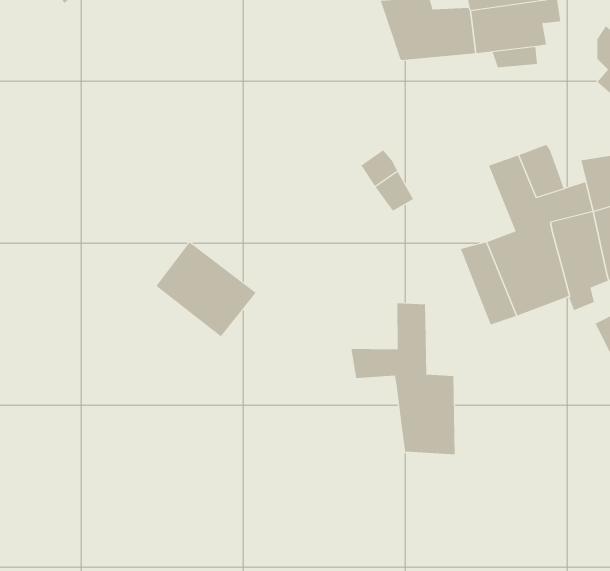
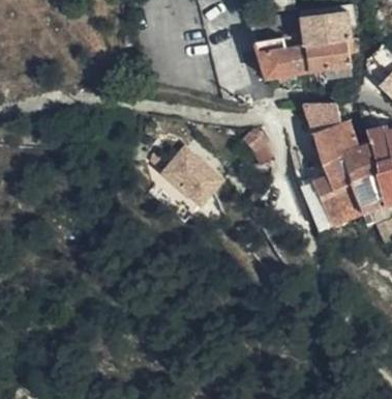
building: none -> [304,105,351,136]
building: [155,241,257,337] -> [169,153,228,209]
building: [351,303,455,455] -> none

